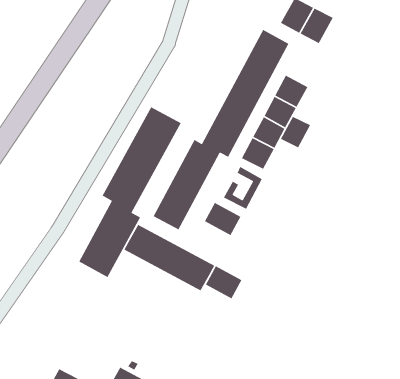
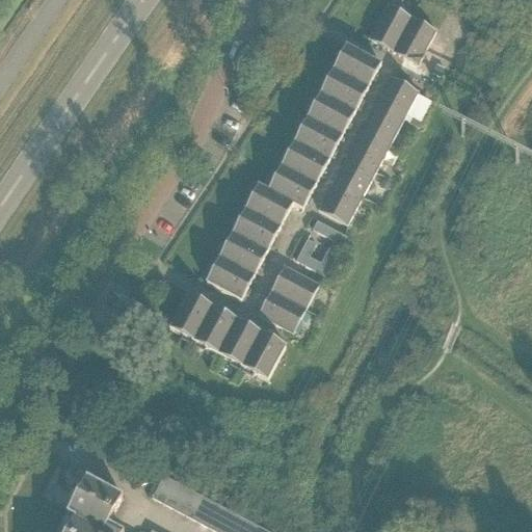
building: none -> [375,73,419,115]
building: [78,106,182,278] -> none
building: [280,116,311,148] -> none
building: [205,265,243,299] -> [258,287,305,330]

